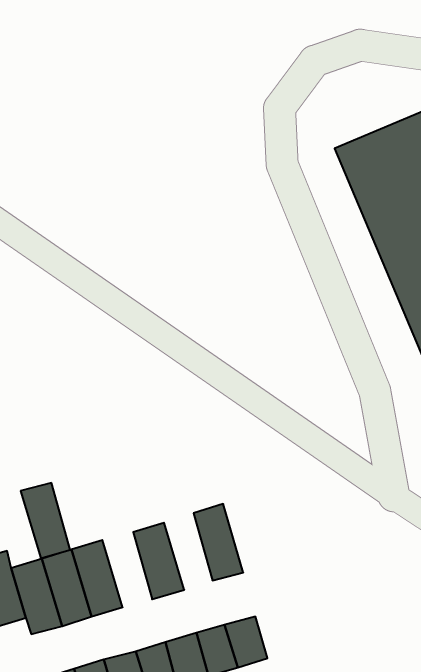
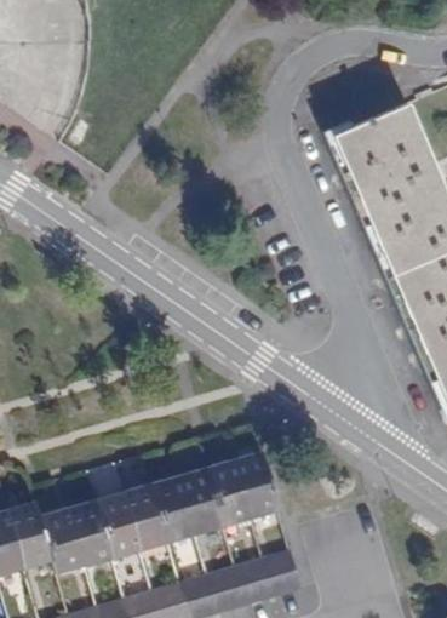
building: [21,483,70,558] -> [116,485,161,553]
building: none -> [225,451,271,521]
building: none -> [172,468,216,537]
building: none -> [254,553,294,599]

